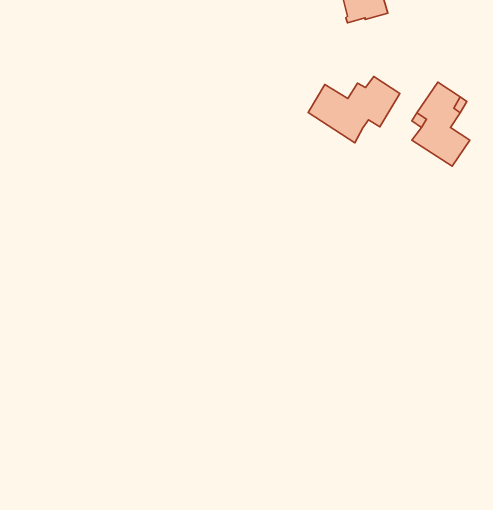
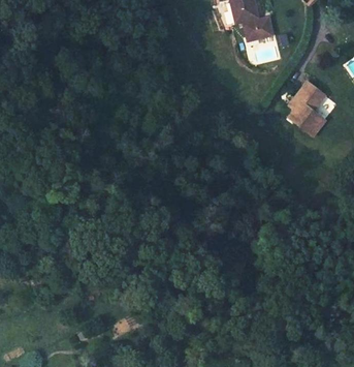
building: [308,77,400,143] -> none

